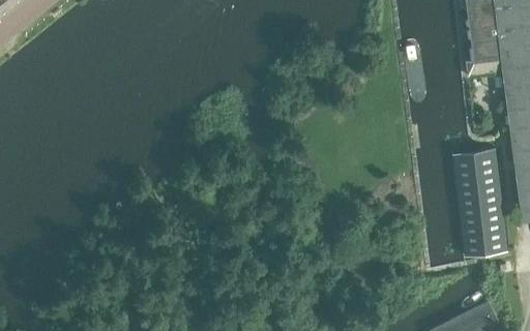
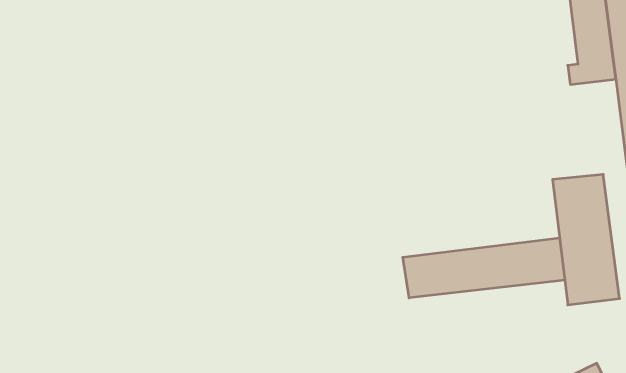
building: none -> [403,238,565,298]

